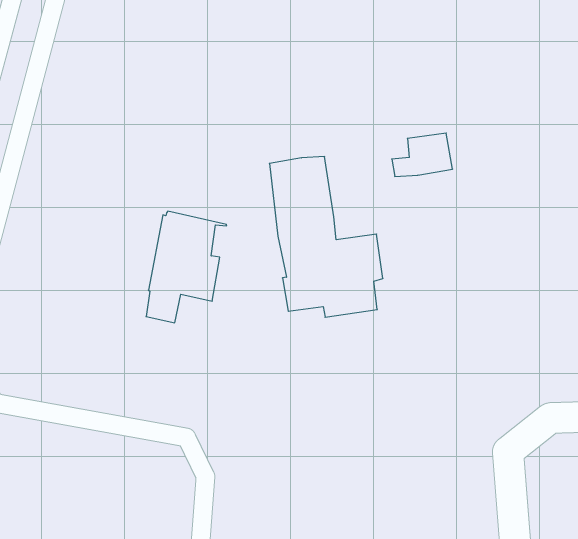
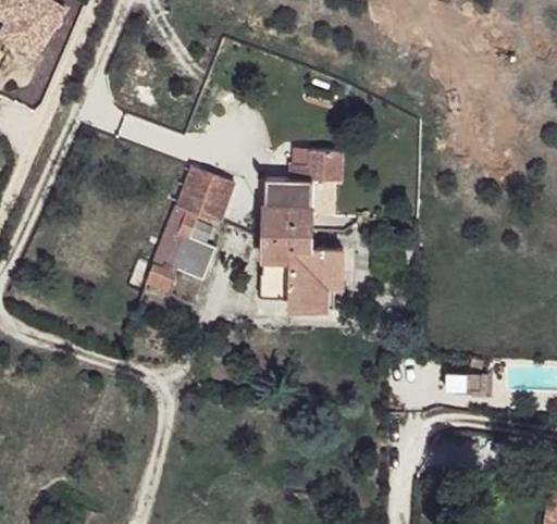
building: [392,133,453,176] -> [292,151,338,182]
building: none -> [178,167,235,222]

